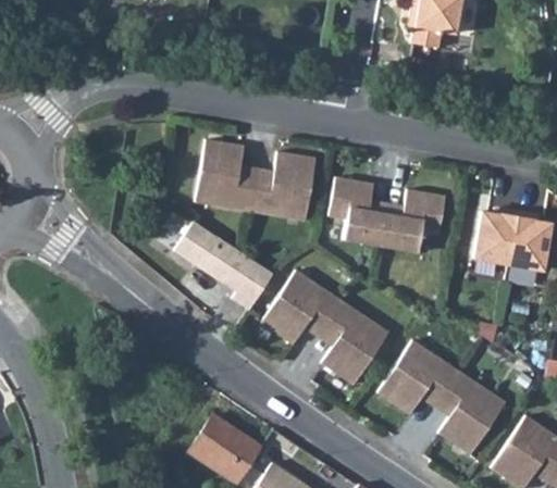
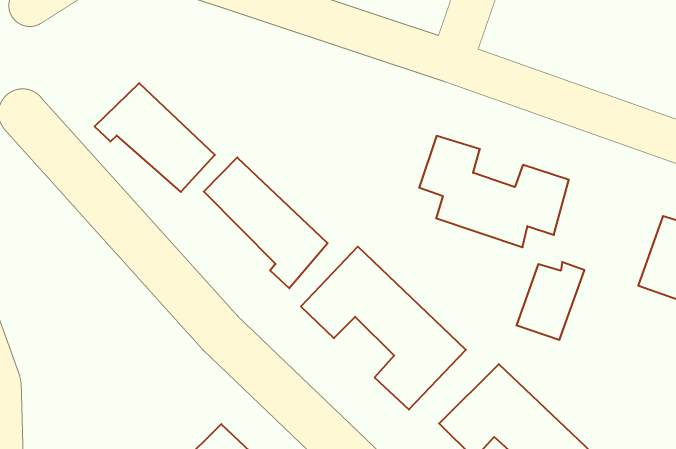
building: [201,140,322,221] -> none
building: none -> [95,83,215,192]
building: [474,208,518,265] -> [516,262,584,340]

